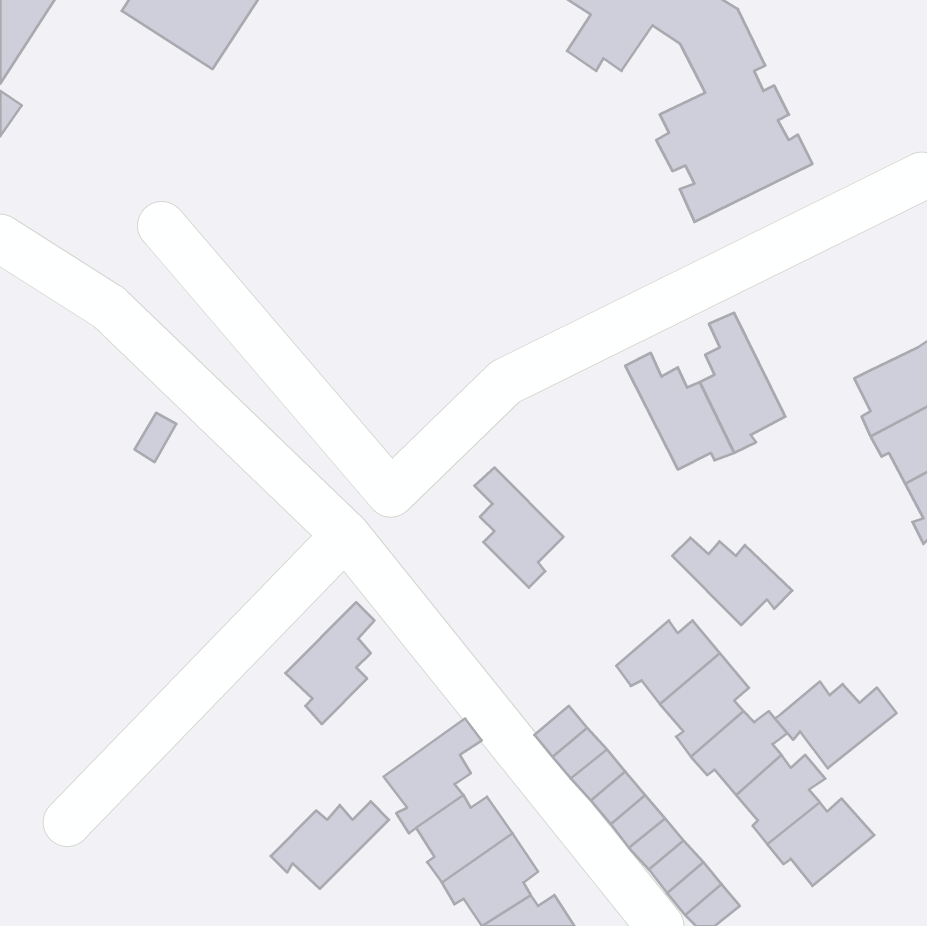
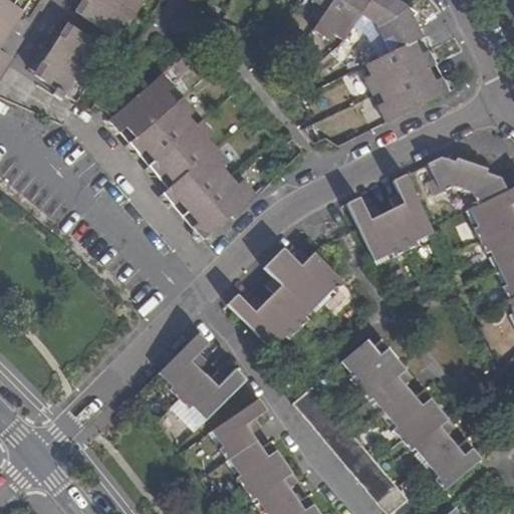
building: none -> [28,19,111,100]
building: none -> [109,72,258,238]
building: none -> [428,156,508,205]
building: none -> [226,294,293,343]
building: [672,538,792,625] -> [274,248,340,296]
building: [775,682,896,768] -> none
building: [271,801,389,889] -> [179,369,244,418]

